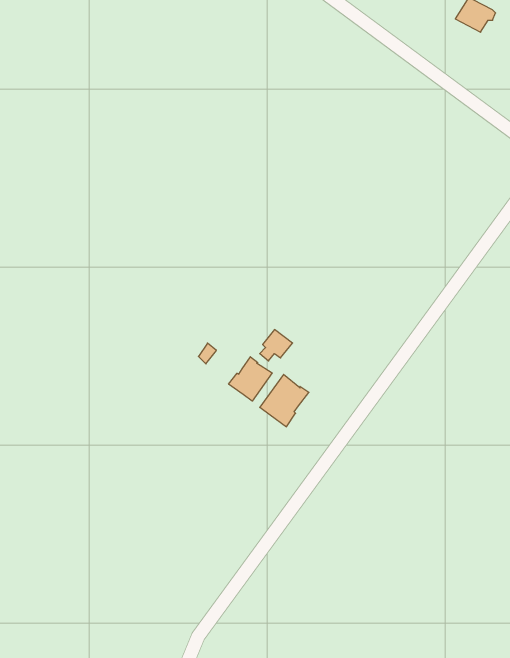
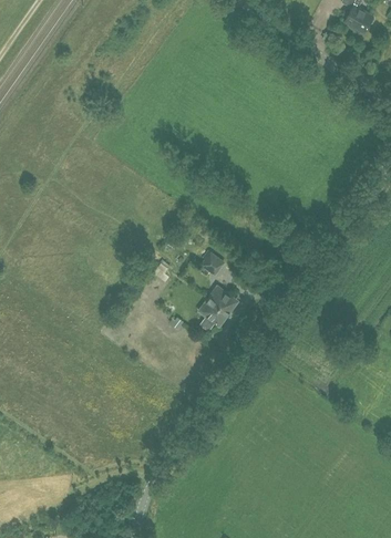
building: [229,357,272,401] -> none

